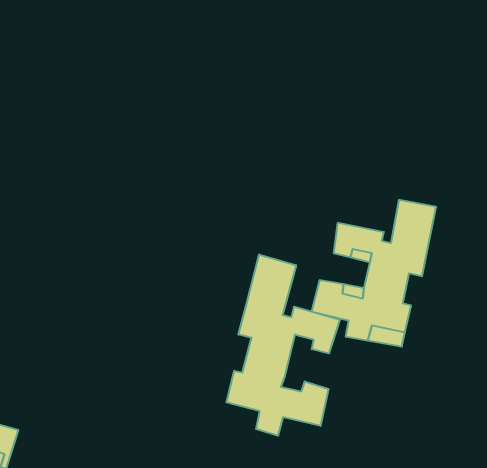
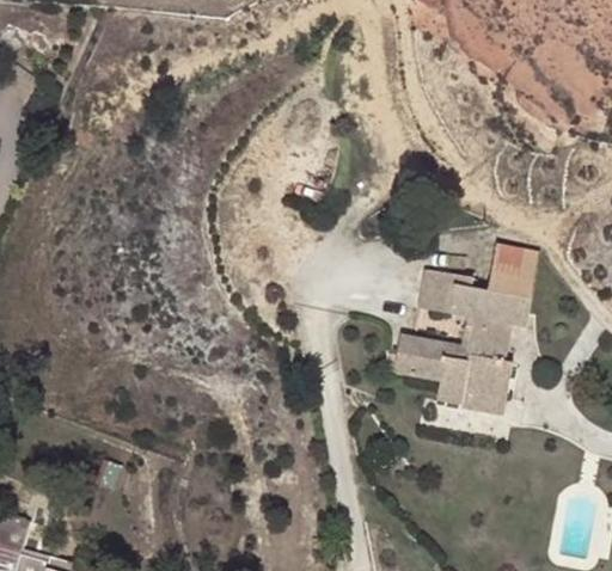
building: [227,254,340,436] -> none

